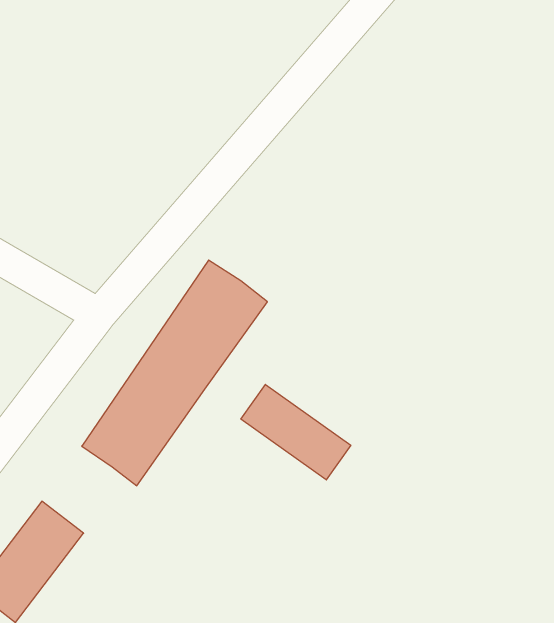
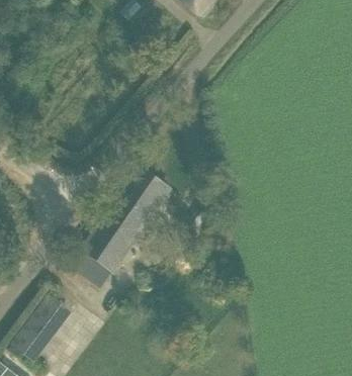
building: [241,384,351,480] -> none

